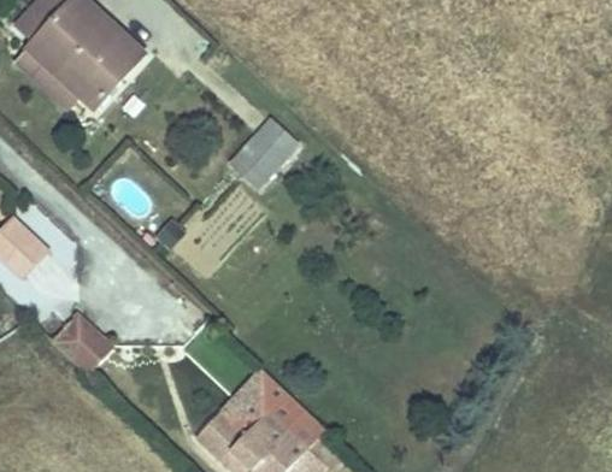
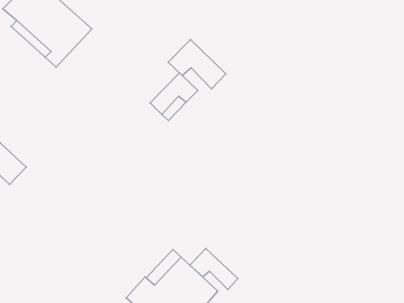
building: none -> [168,40,226,89]
building: [58,318,108,370] -> none
building: none -> [190,248,238,290]

